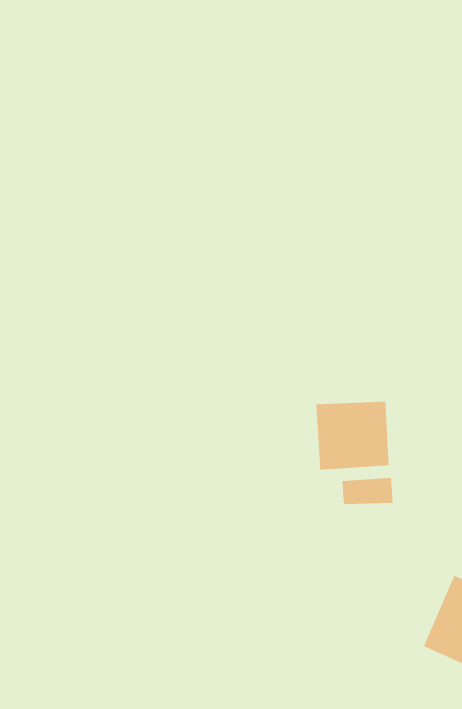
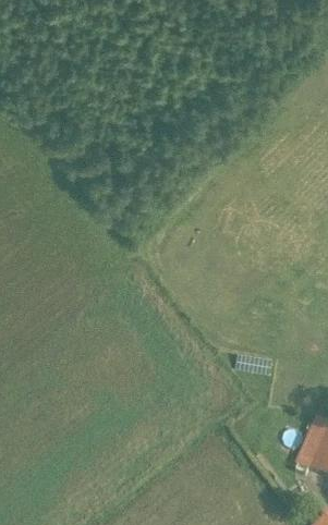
building: [315,401,390,471] -> none

